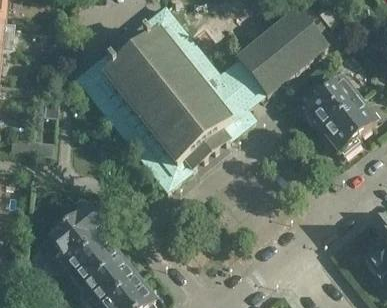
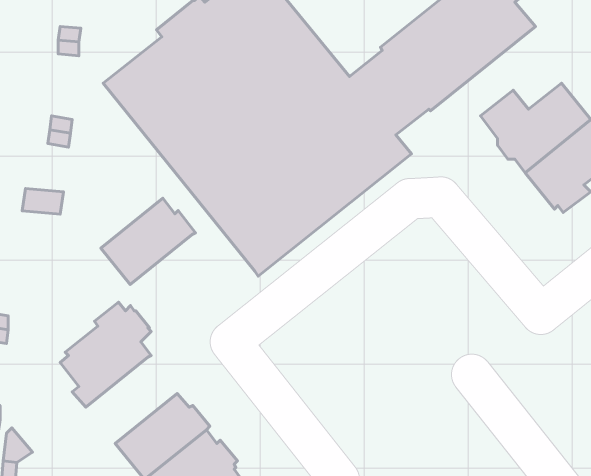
building: [67,236,122,286] -> [101,198,195,284]

